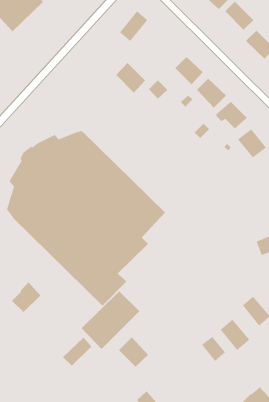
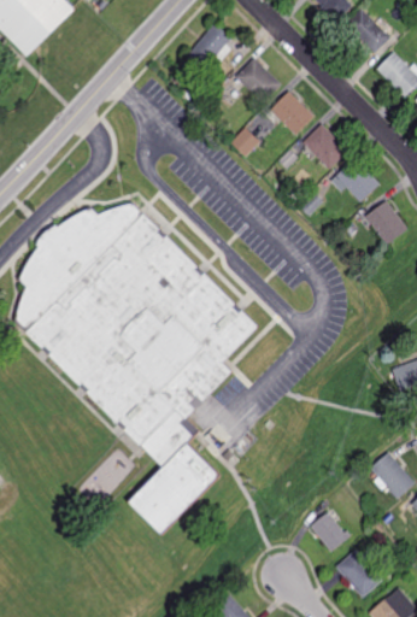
building: [115,62,146,93] -> [235,57,281,104]
building: [11,282,41,313] -> none
building: [220,319,250,351] -> [336,548,382,597]
building: [118,337,149,368] -> none
building: [62,337,92,367] -> none

